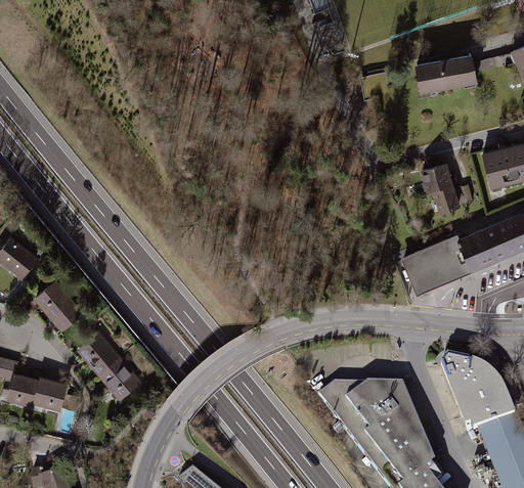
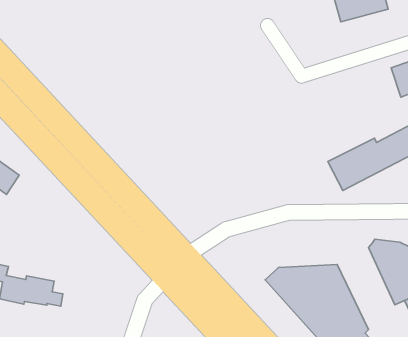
building: [422,166,472,213] -> none
building: [34,276,85,328] -> none
building: [78,328,142,397] -> none

